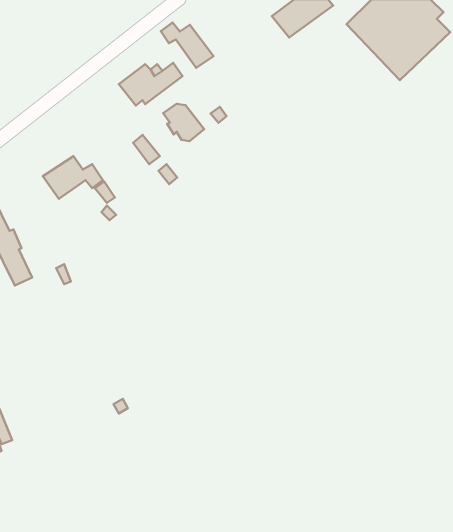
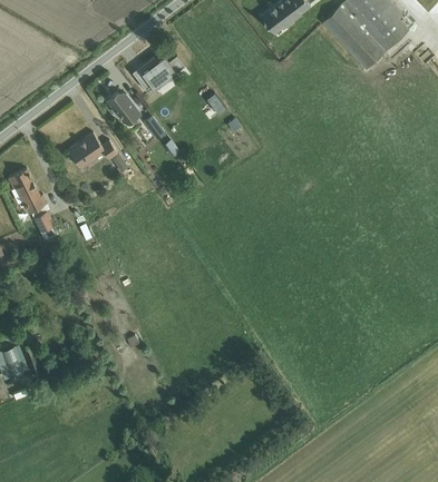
building: [161,23,214,68] -> none
building: [163,104,204,141] -> [106,91,140,122]

